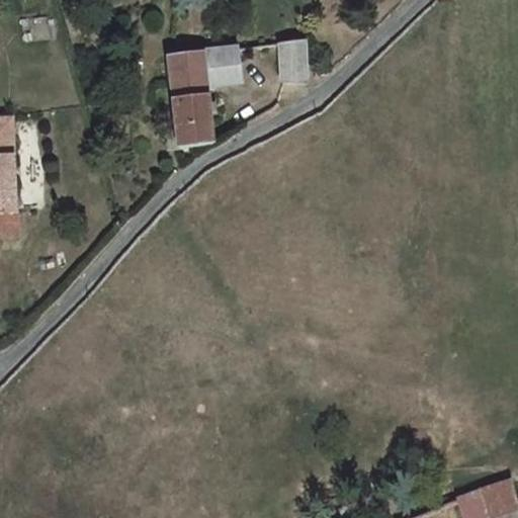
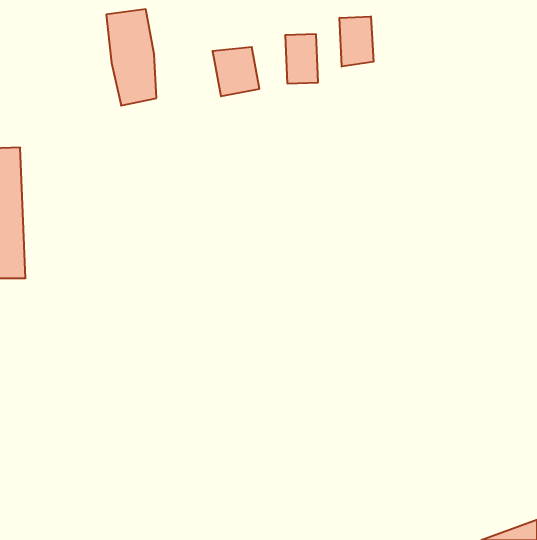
building: none -> [340,16,373,67]
building: [164,49,211,140] -> [106,9,156,106]

